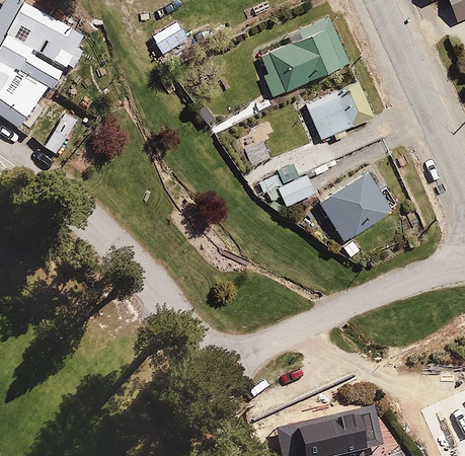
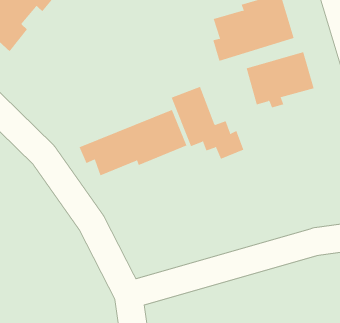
building: none -> [79,109,187,176]
building: [319,168,394,239] -> none

